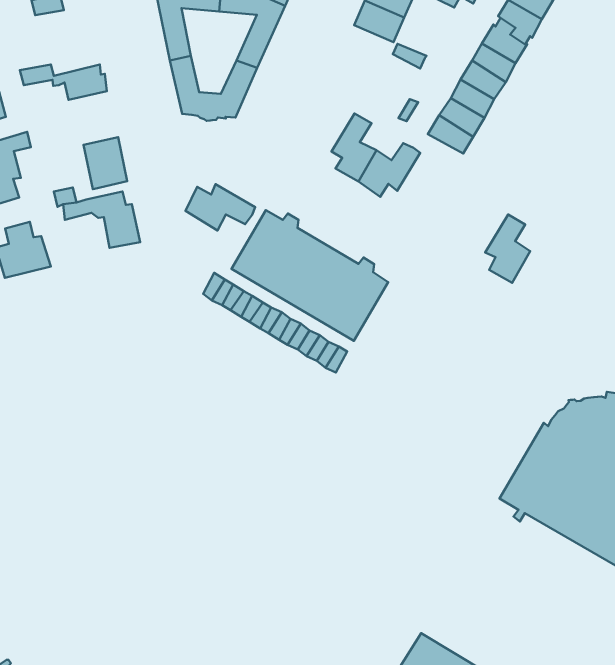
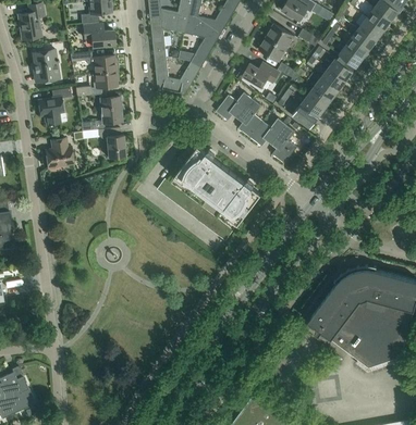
building: none -> [83,25,114,47]
building: none -> [242,63,279,87]
building: none -> [75,71,118,97]
building: none -> [216,92,253,121]
building: [186,184,255,231] -> none
building: [485,215,530,283] -> [271,125,296,163]

